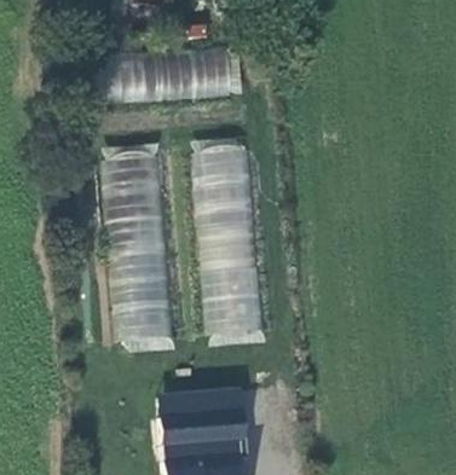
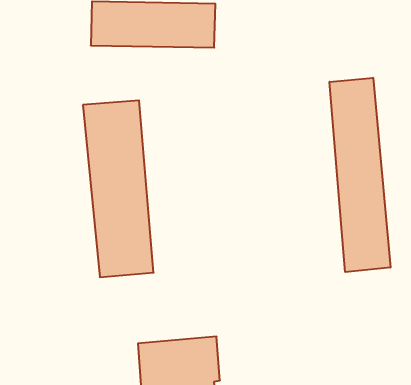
building: none -> [330,78,390,272]
building: [186,144,262,334] -> none

